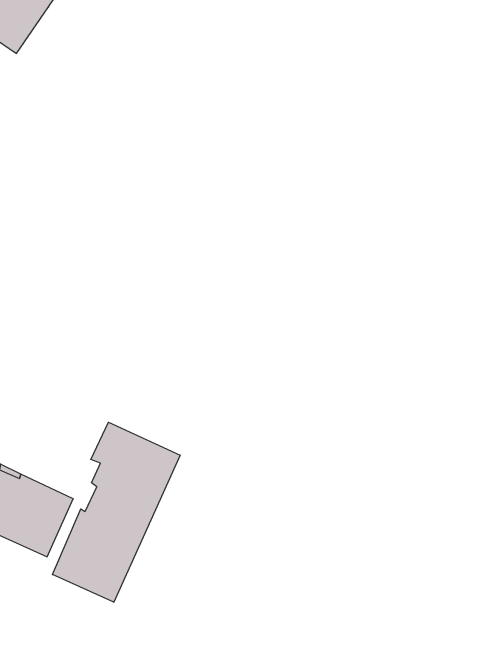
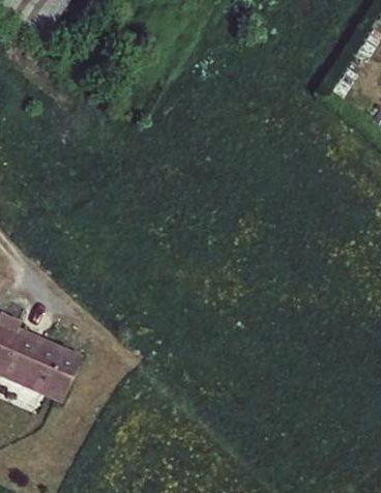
building: [52,422,180,602] -> none

